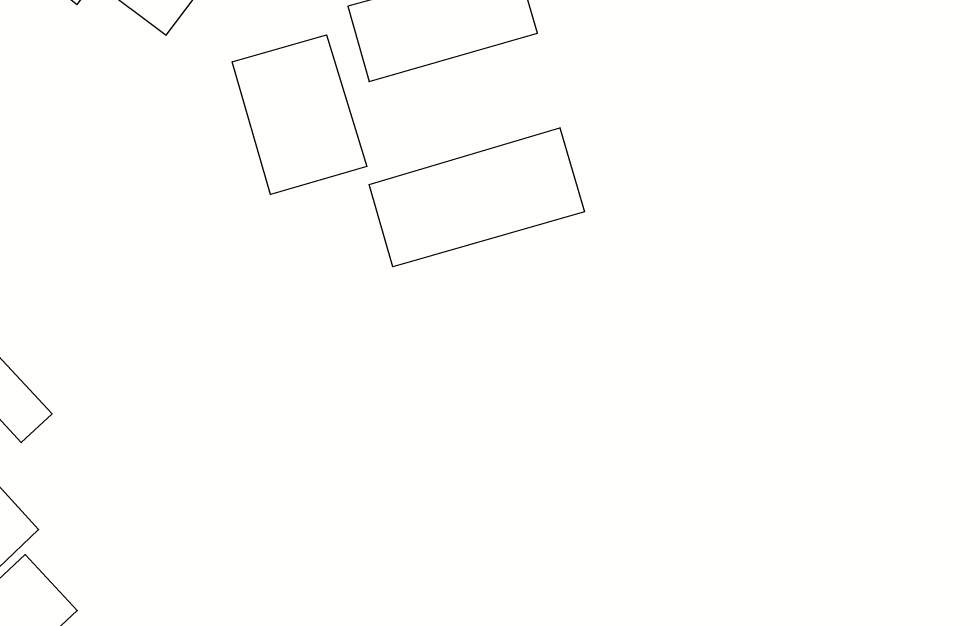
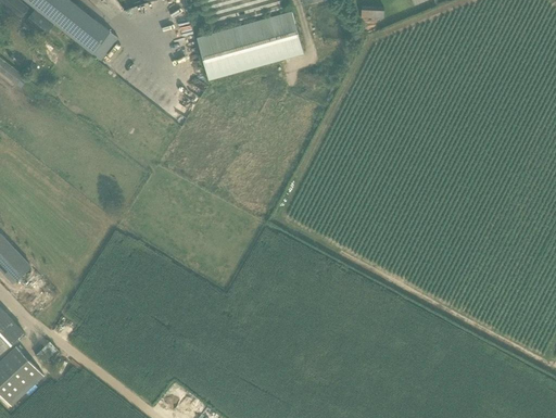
building: [232,35,367,194] -> none
building: [369,128,584,267] -> none

